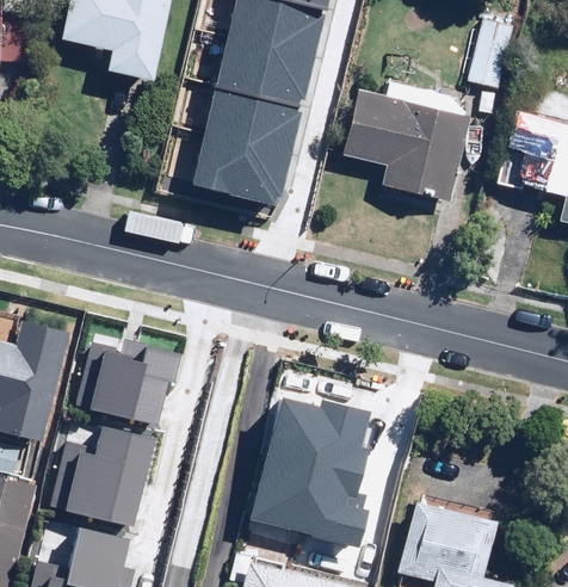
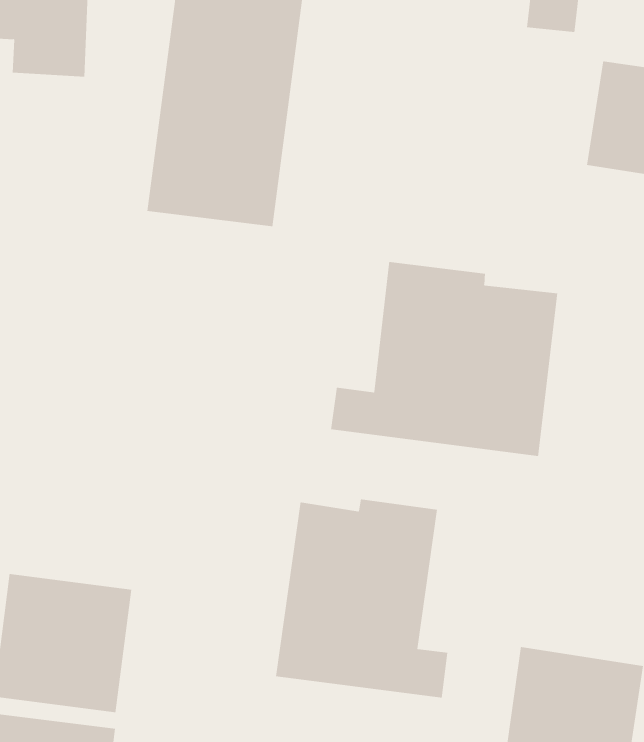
building: [345,92,471,204] -> none
building: none -> [330,261,558,457]
building: [82,336,183,416] -> none

